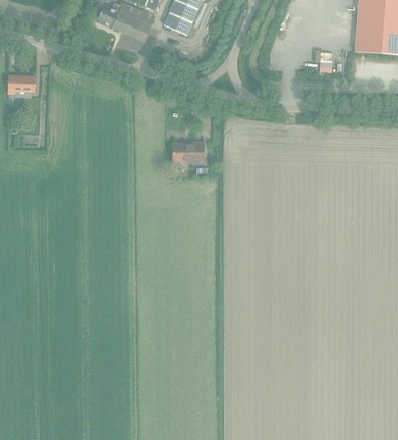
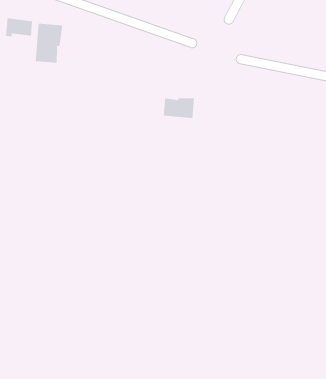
building: none -> [35,23,63,64]

